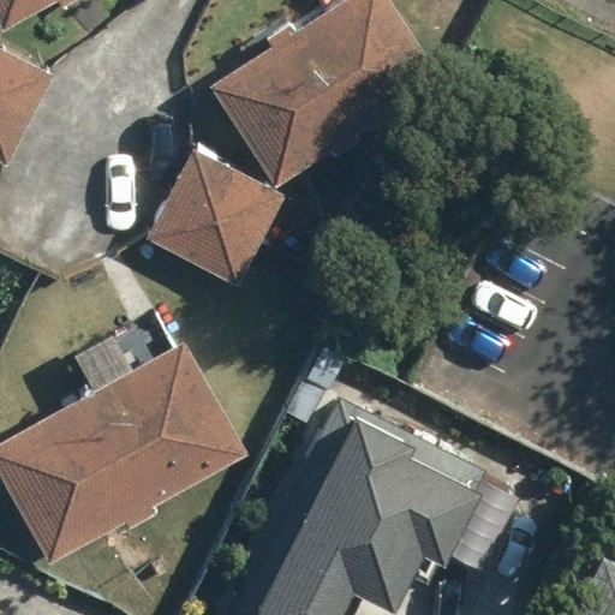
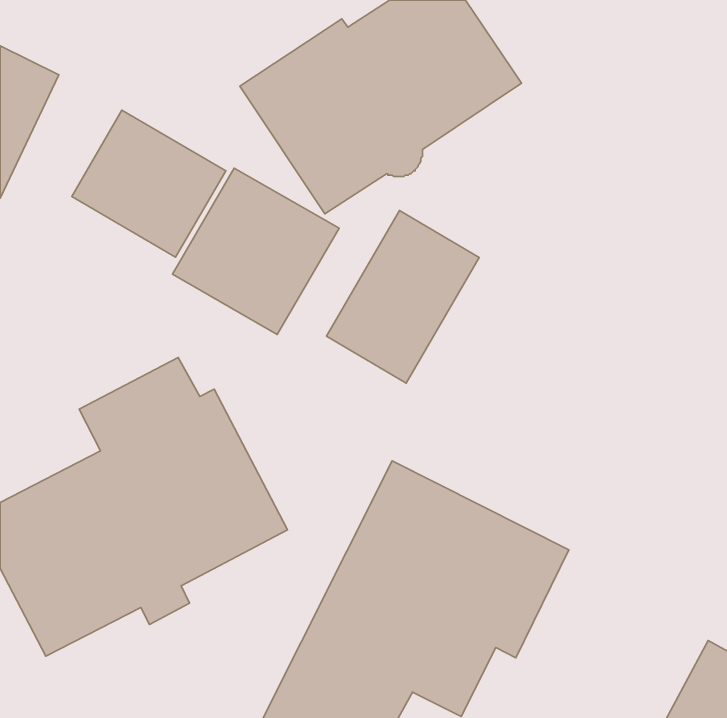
building: none -> [72,110,226,257]
building: none -> [327,211,479,383]

